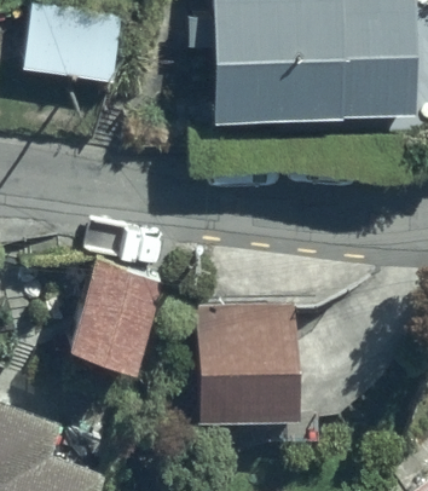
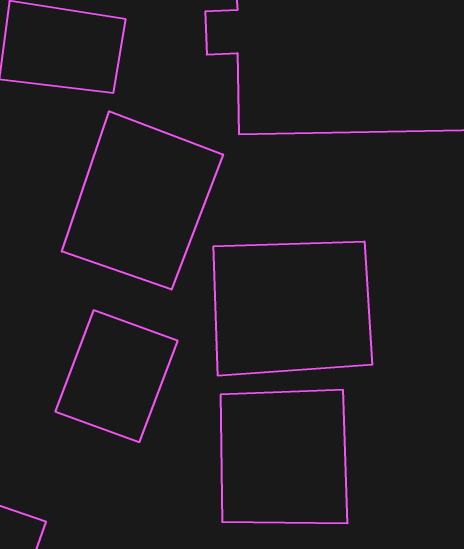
building: none -> [62,111,223,290]
building: none -> [213,241,372,376]

